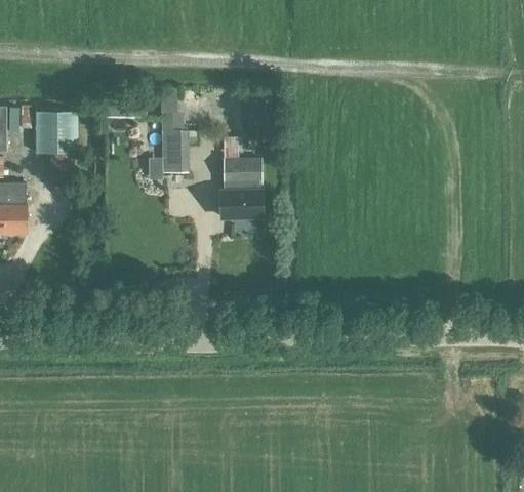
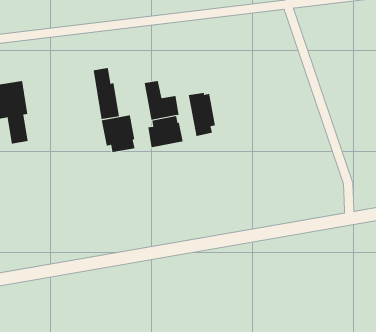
building: none -> [188,92,216,137]
building: none -> [101,114,135,153]

